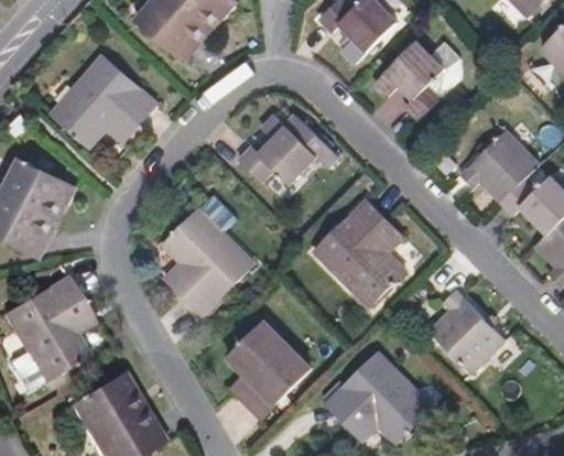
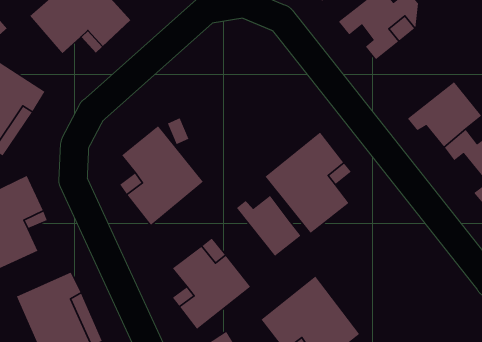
building: [241,112,338,183] -> none
building: none -> [236,195,301,257]
building: [430,287,505,370] -> none

